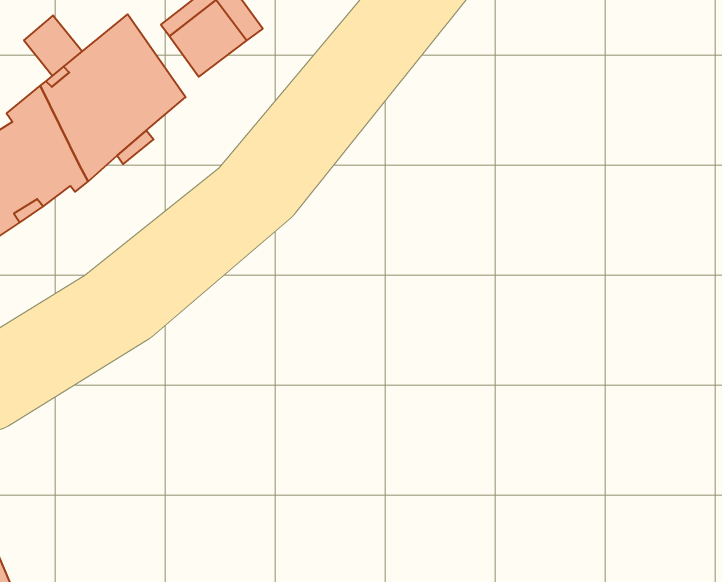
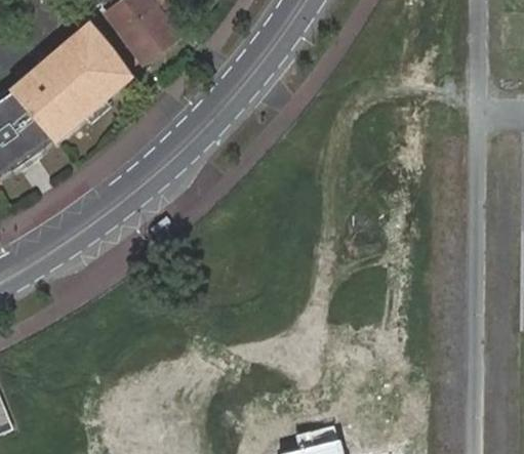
building: [24,15,82,76] -> none

